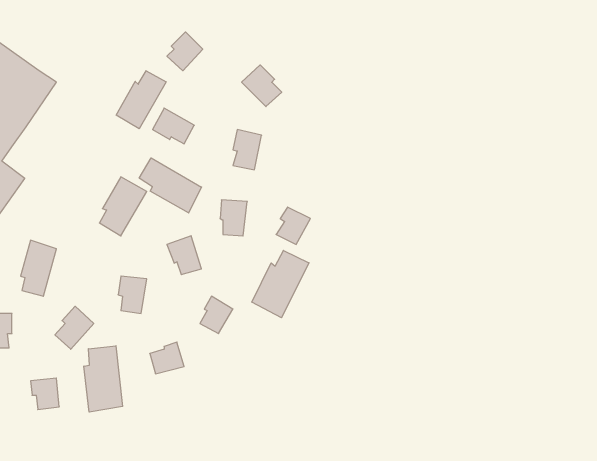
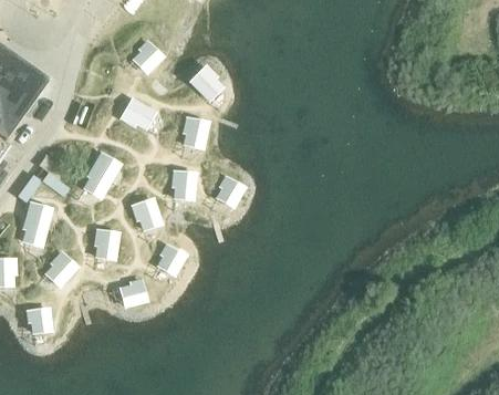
building: [116,71,166,129] -> none
building: [139,158,202,213] -> none
building: [252,250,309,318] -> none
building: [84,346,123,412] -> none

